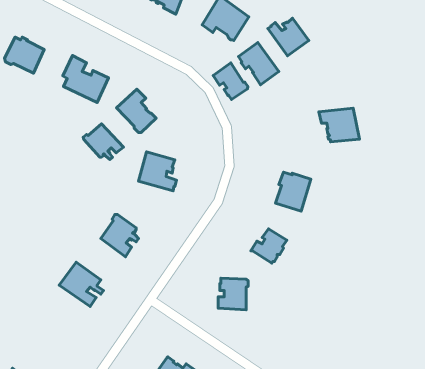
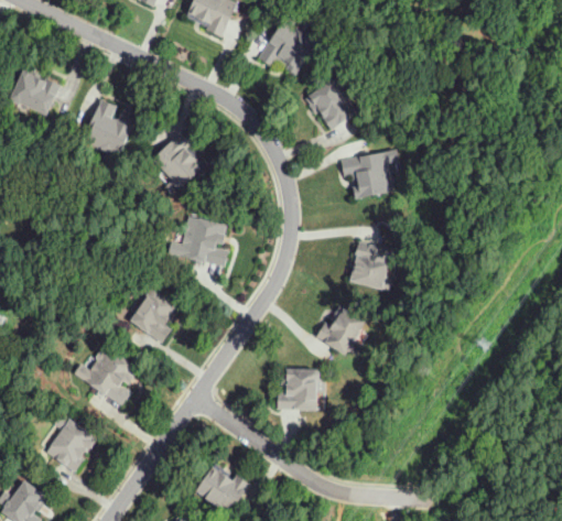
building: [268,18,309,56] -> none
building: [213,63,248,100] -> none
building: [319,108,360,142] -> [346,154,397,196]
building: [83,124,124,160] -> none
building: none -> [47,423,95,471]

